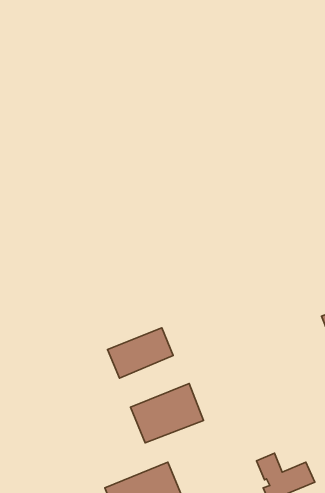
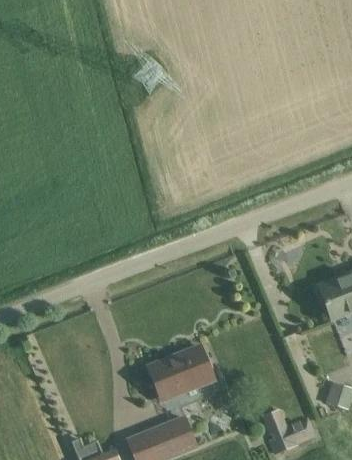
building: [108,328,173,378] -> none

